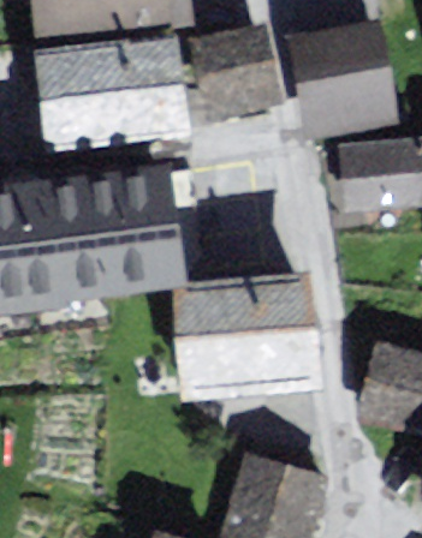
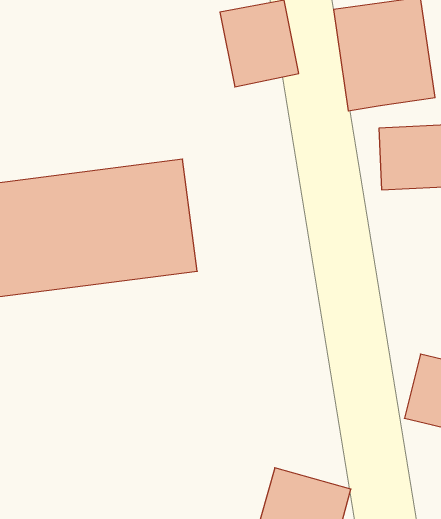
building: [48,47,183,142] -> none
building: [183,286,313,384] -> none

